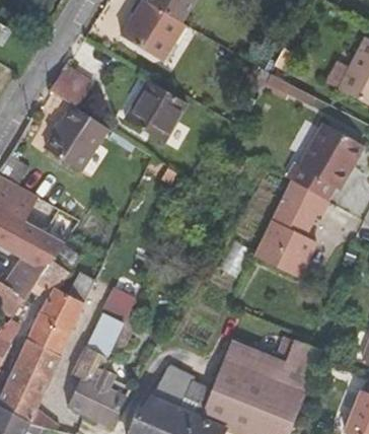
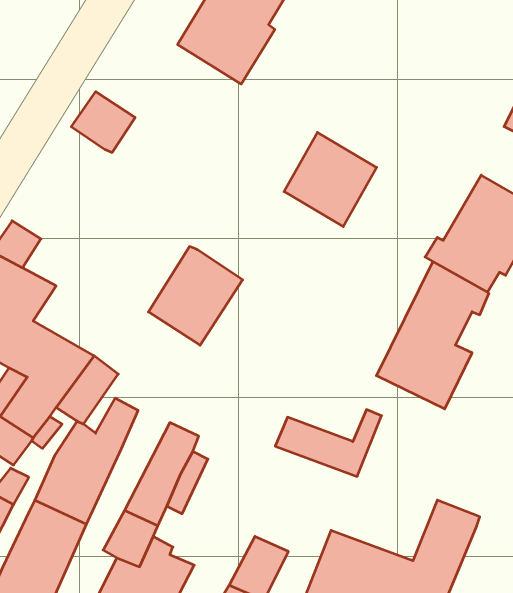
building: [125,80,187,143] -> [284,132,377,227]
building: [45,105,107,171] -> [148,247,243,345]
building: [223,336,294,380] -> [275,410,382,476]

